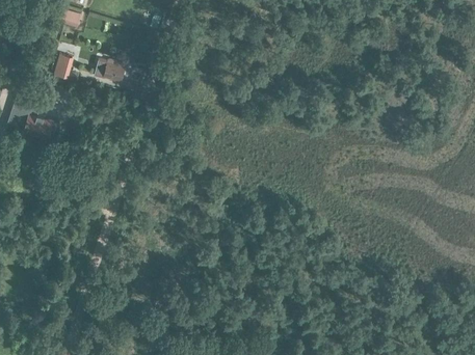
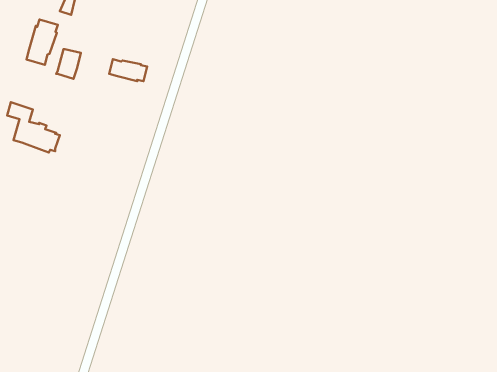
building: none -> [27,20,58,65]

